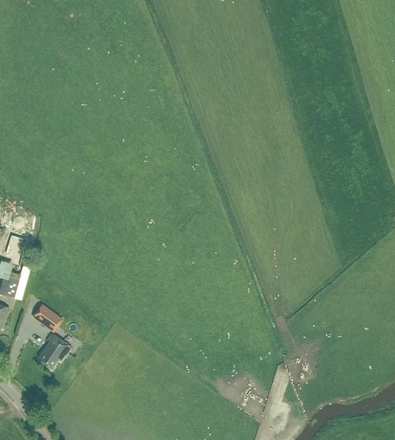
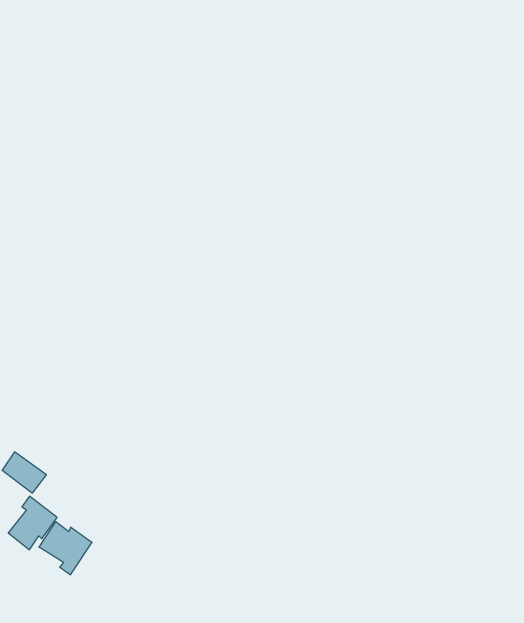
building: none -> [39,522,92,575]

